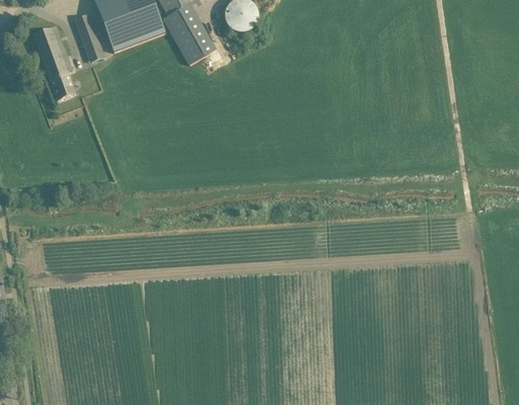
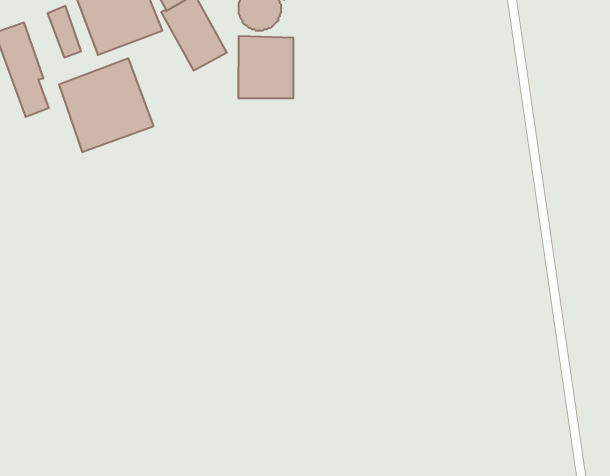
building: none -> [238,36,293,98]
building: none -> [59,58,153,152]

